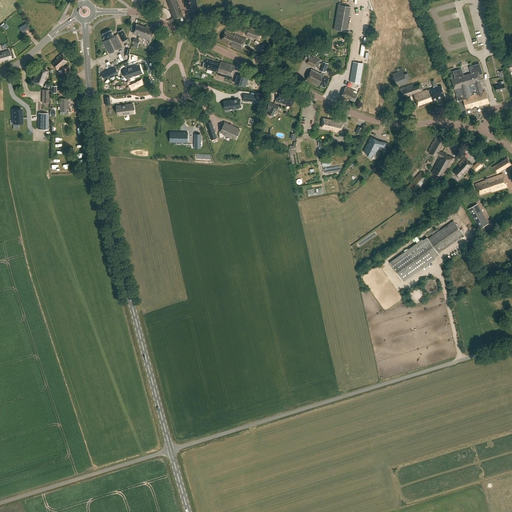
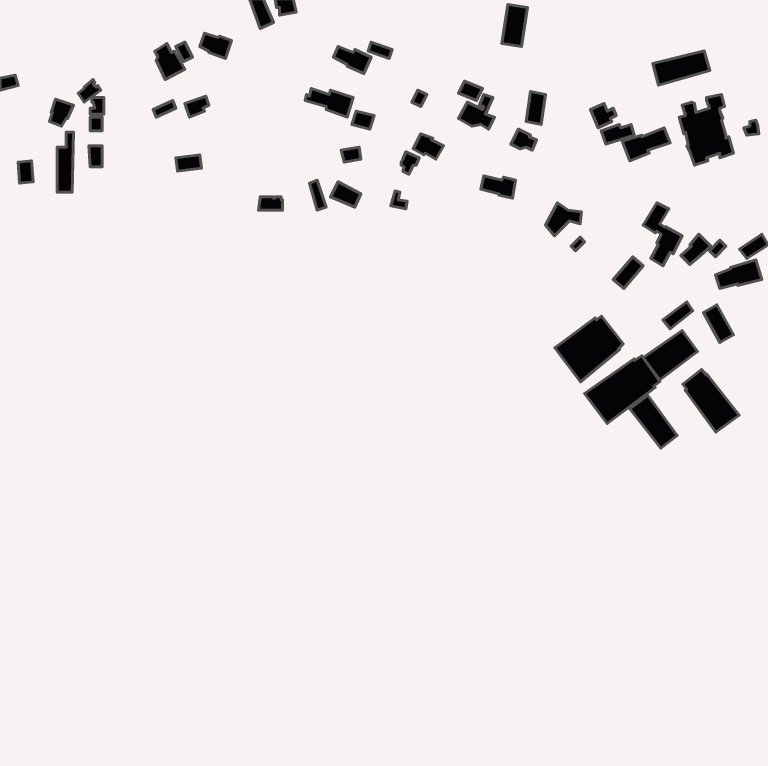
building: none -> [653,51,710,85]
building: none -> [555,316,623,382]
building: none -> [683,370,739,432]
building: none -> [630,395,677,448]

